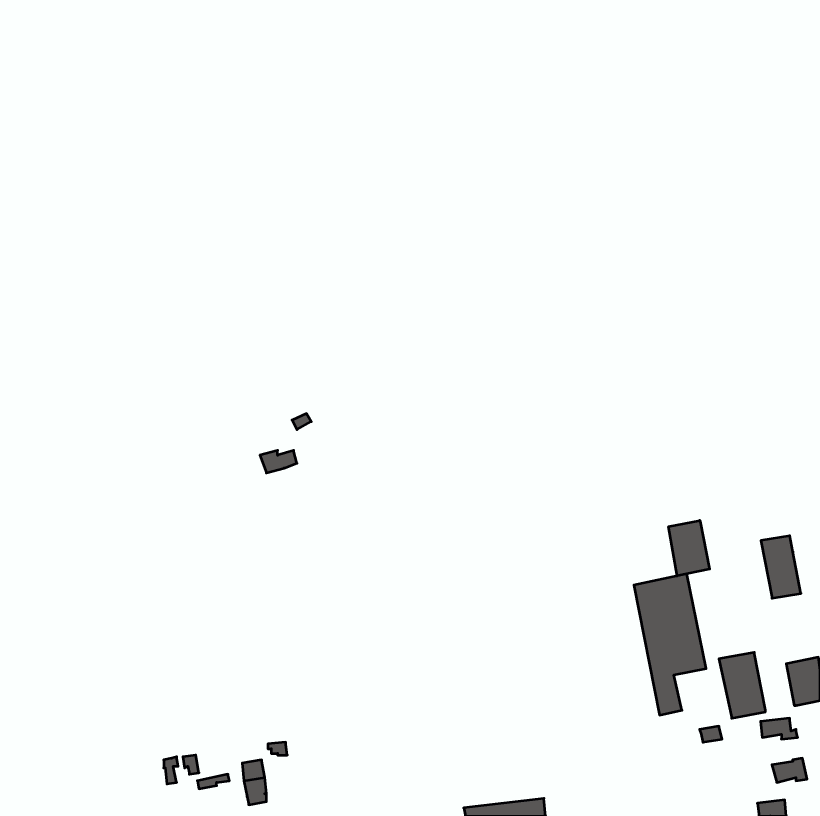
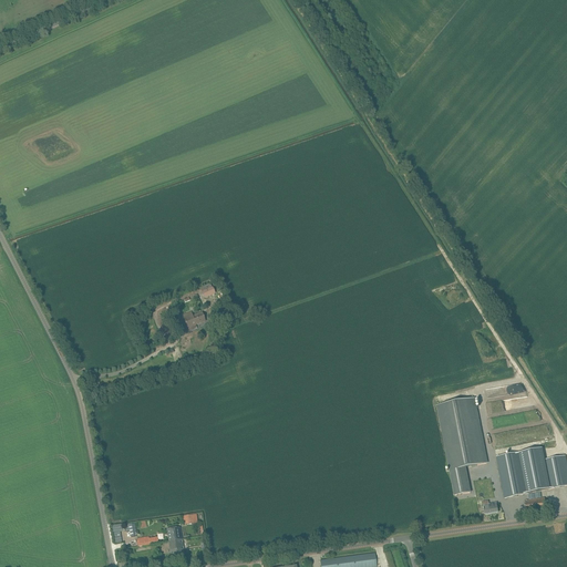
building: [669,520,710,576] -> none
building: [761,536,801,598] -> [520,447,548,491]

